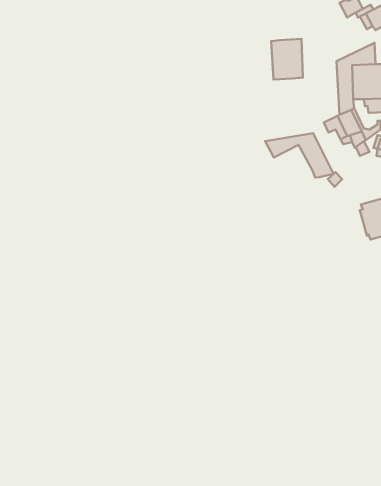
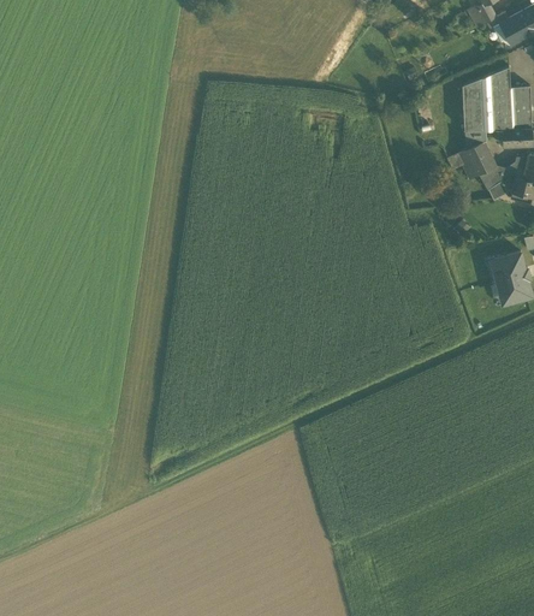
building: [271,39,303,79] -> none
building: [265,133,334,177] -> none

